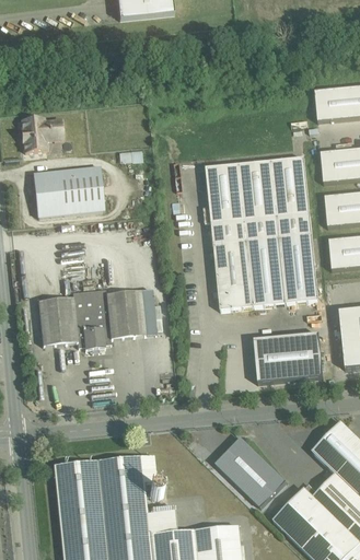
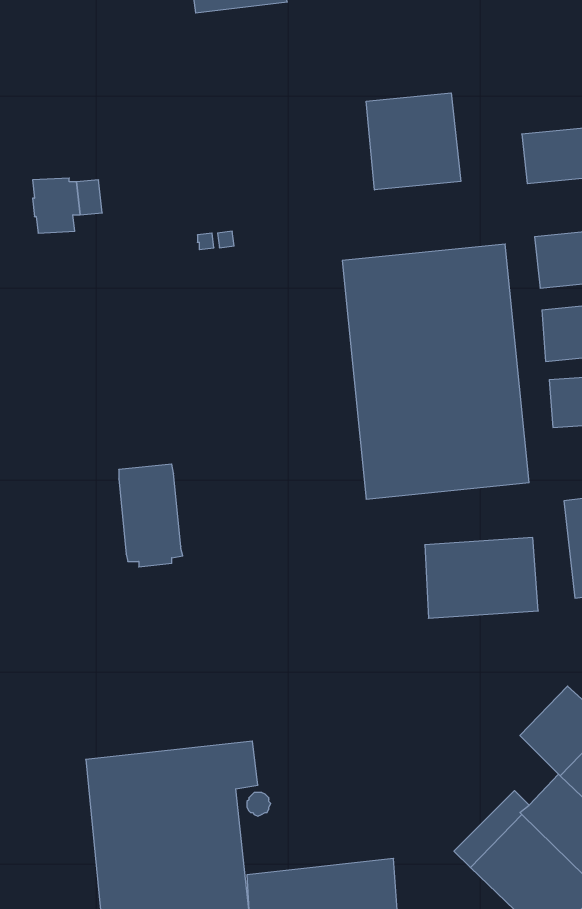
building: none -> [366,93,461,190]
building: [33,166,103,217] -> none
building: [105,289,155,339] -> none
building: [37,298,77,346] -> none
building: [214,438,286,508] -> none

